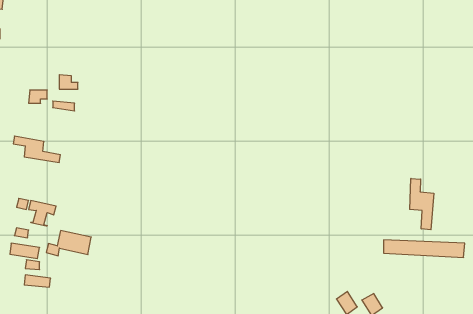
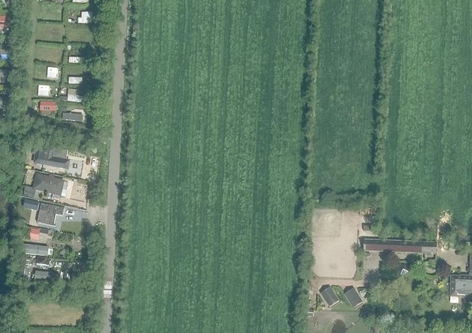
building: [410,178,434,230] -> none
building: [46,231,91,256] -> [22,173,63,196]

